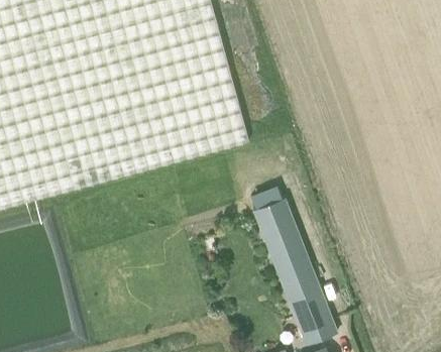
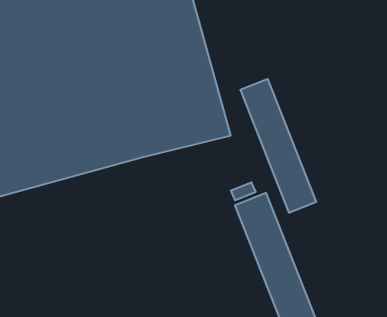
building: none -> [240,79,316,213]

